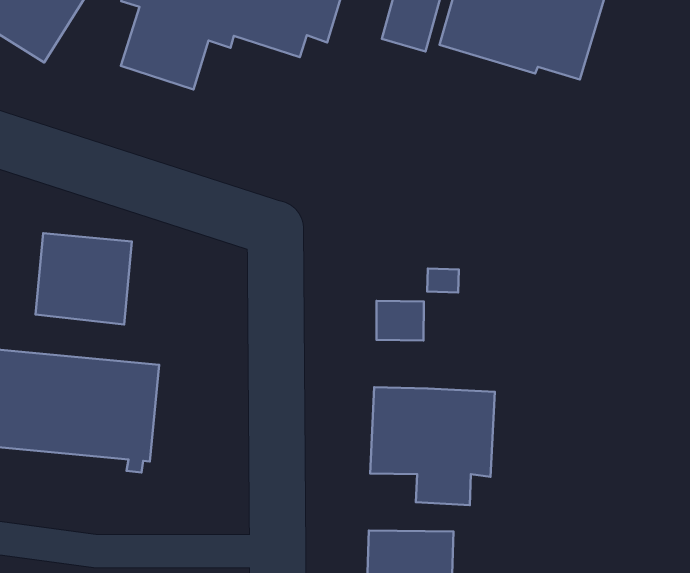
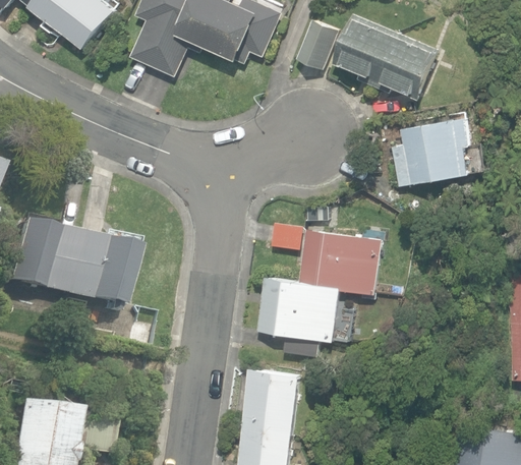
building: none -> [391,112,471,179]
building: [36,233,132,324] -> none
building: none -> [299,226,384,293]

